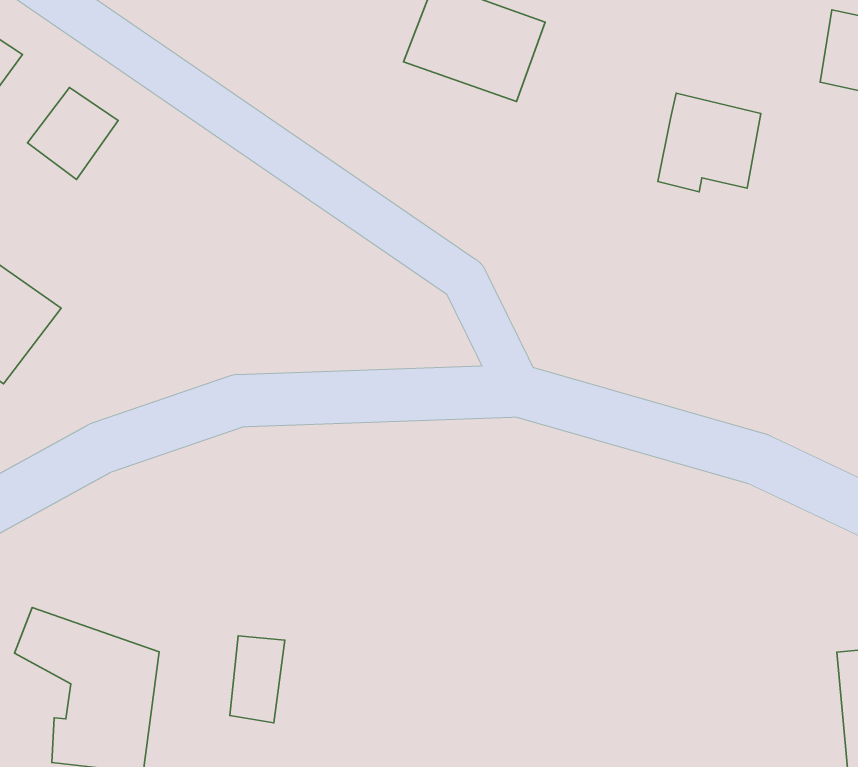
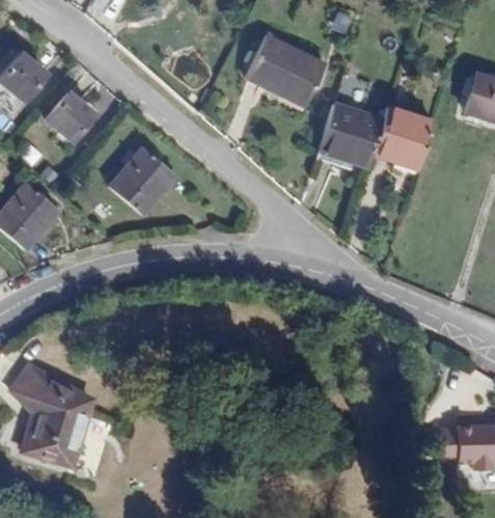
building: none -> [319,109,388,173]
building: none -> [110,144,176,210]
building: [230,636,285,723] -> none

